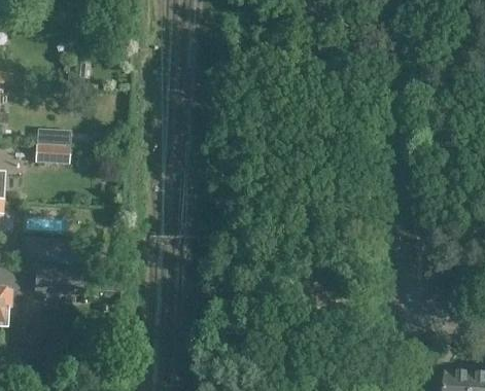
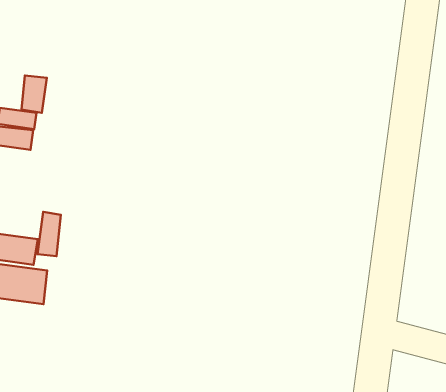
building: none -> [22,75,47,113]
building: none -> [37,212,61,256]

